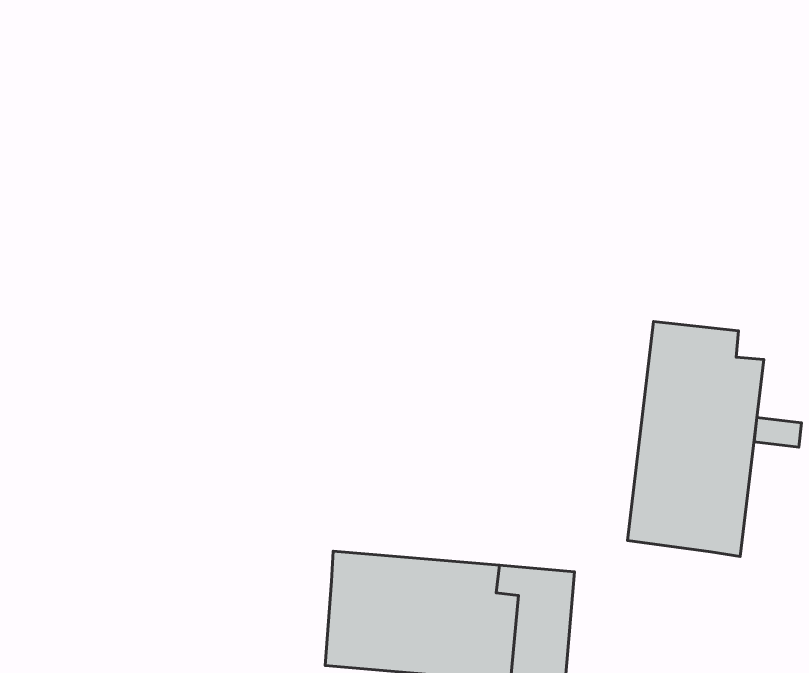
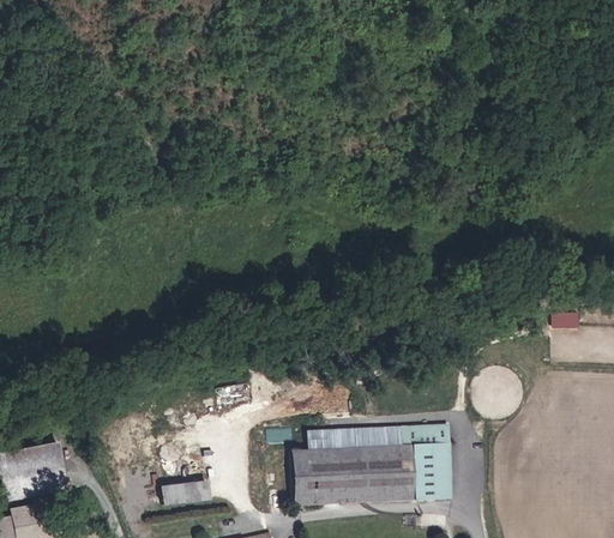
building: [628,322,764,556] -> none
building: none -> [158,482,207,503]

